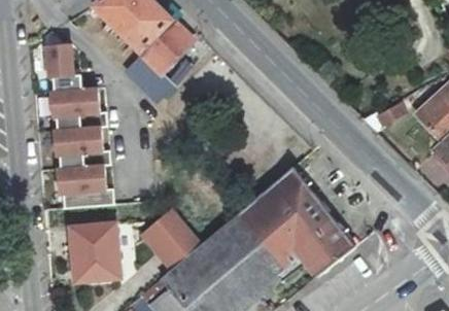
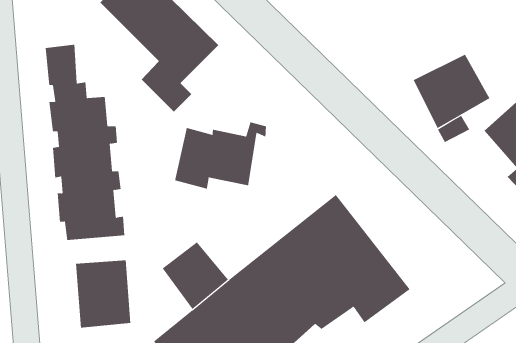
building: none -> [413,54,490,129]
building: none -> [174,121,266,189]

